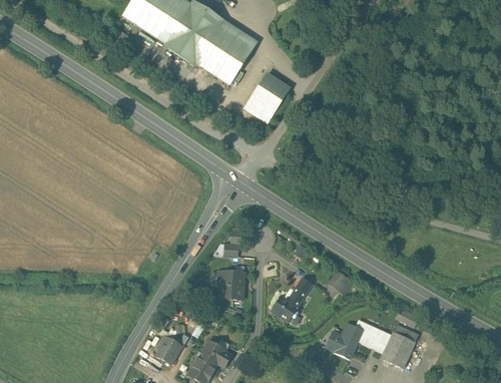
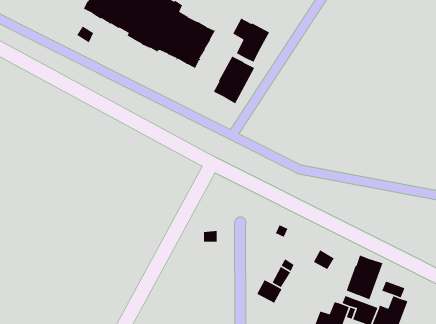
building: none -> [232,17,270,63]
building: [220,272,243,300] -> none
building: none -> [345,254,384,300]

